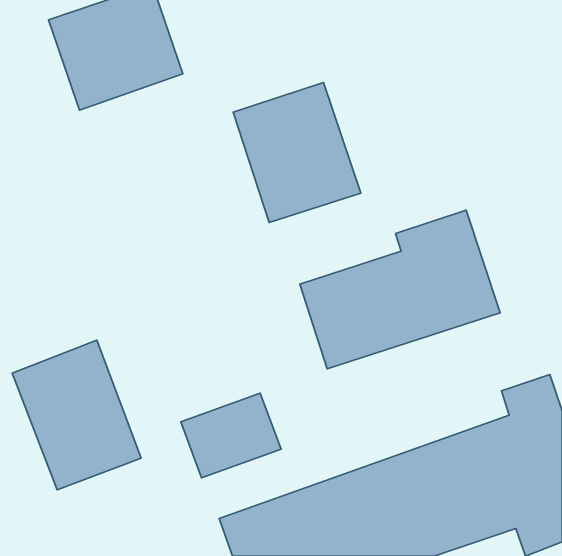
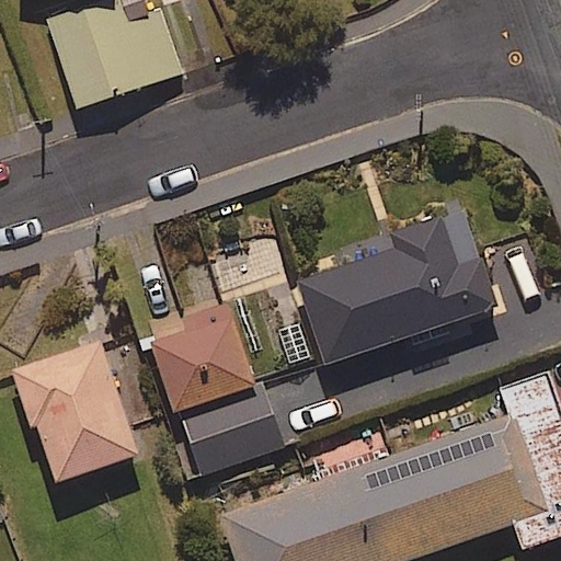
building: [233,82,361,223] -> none
building: none -> [147,301,259,420]

